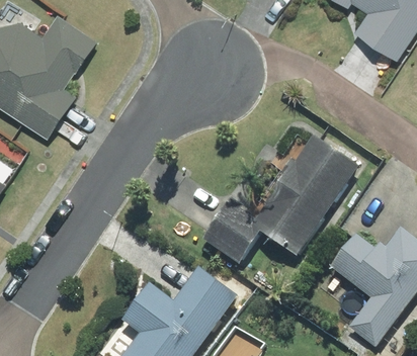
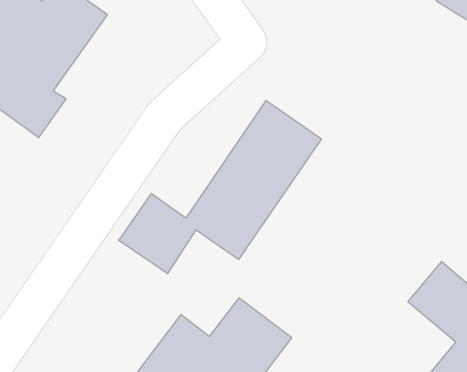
building: [202,131,361,267] -> [119,101,321,274]

